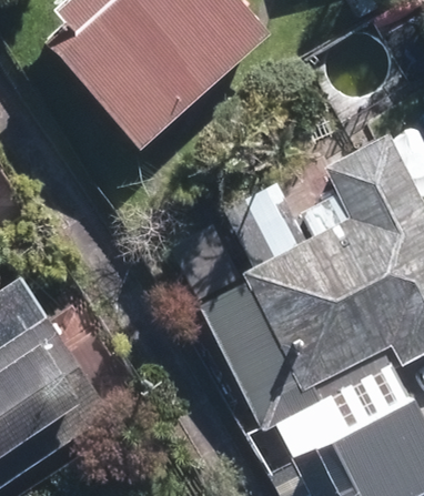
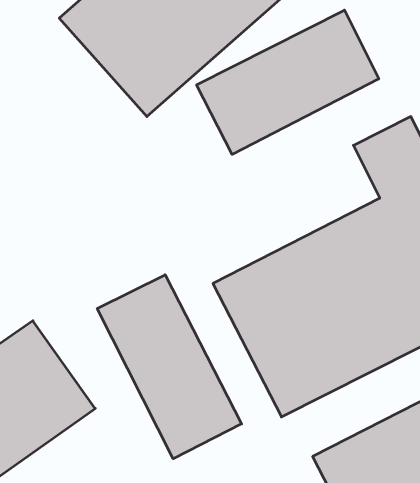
building: none -> [197,10,379,154]
building: none -> [97,275,242,459]

